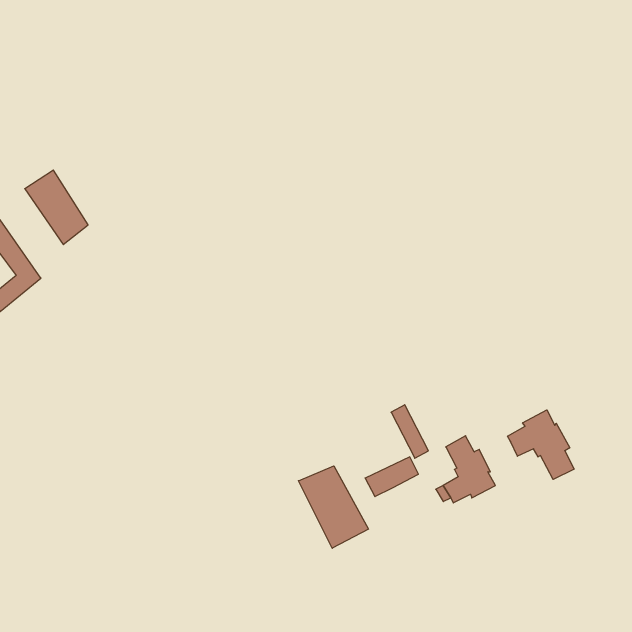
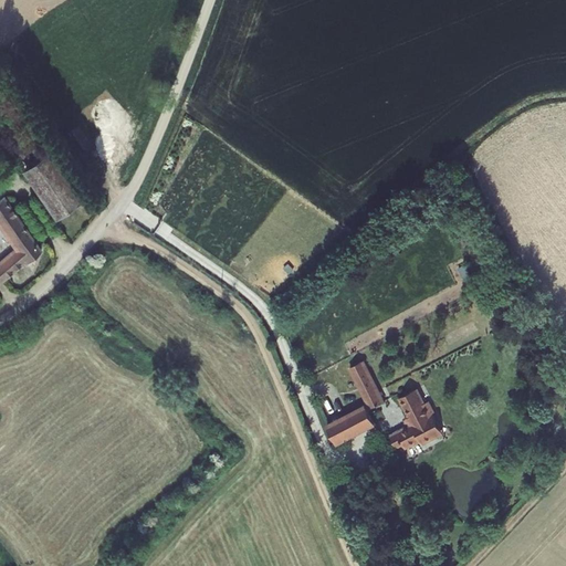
building: [508,410,574,479] -> none
building: [298,466,368,548] -> none

